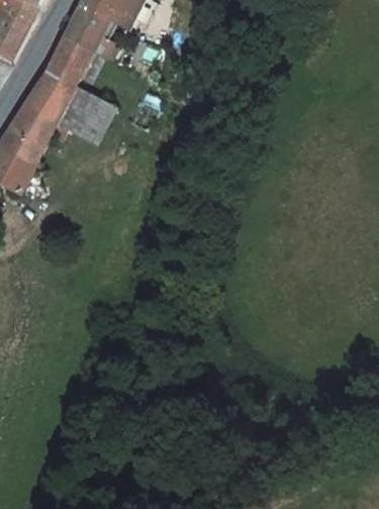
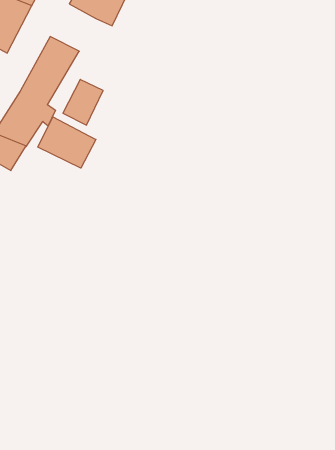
building: [58,7,108,60] -> none
building: none -> [38,117,96,168]

